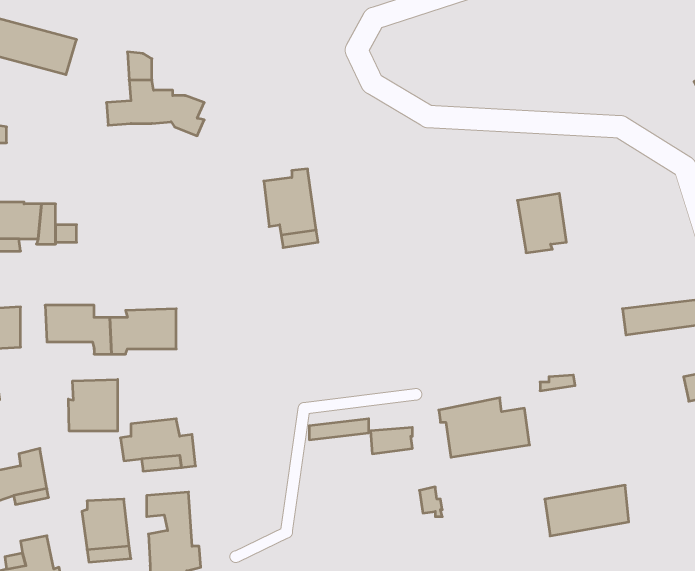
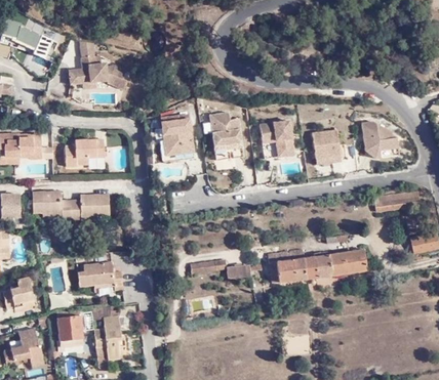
building: none -> [209,112,241,159]
building: none -> [258,119,292,157]
building: none -> [362,120,399,157]
building: none -> [65,140,104,167]
building: [68,379,118,431] -> none
building: [545,485,629,536] -> [315,246,364,276]

